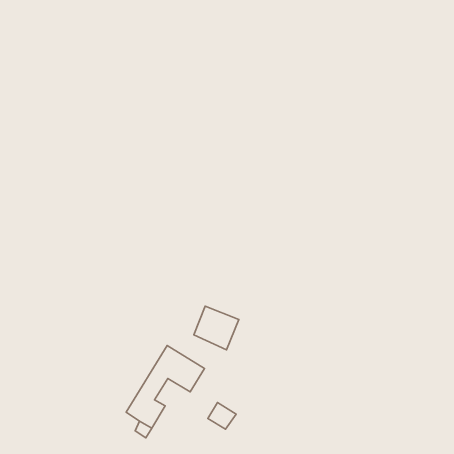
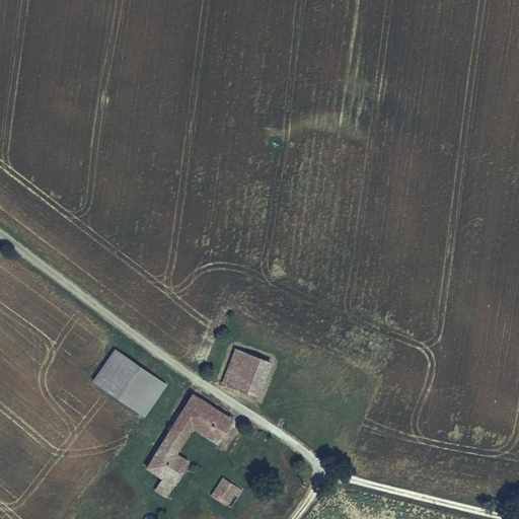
building: none -> [92,350,167,418]
building: [208,402,236,429] -> [211,476,243,507]

